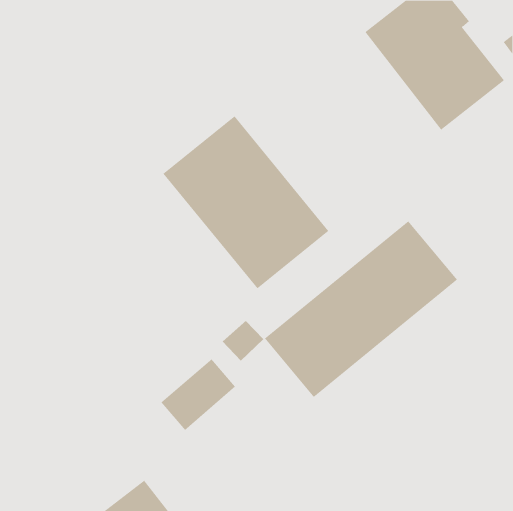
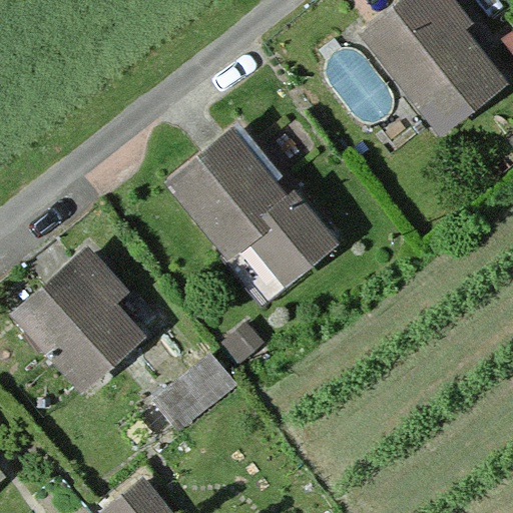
building: [264,220,458,398] -> none
building: none -> [14,247,145,392]

